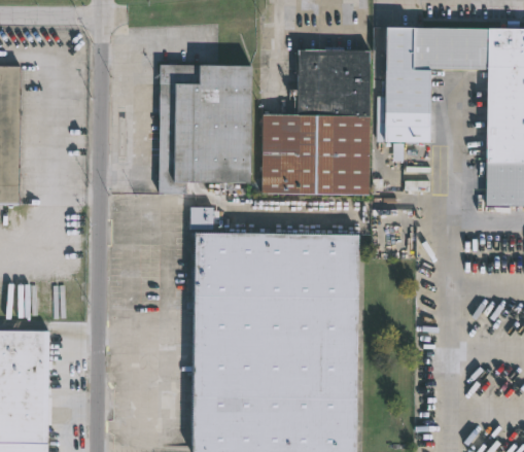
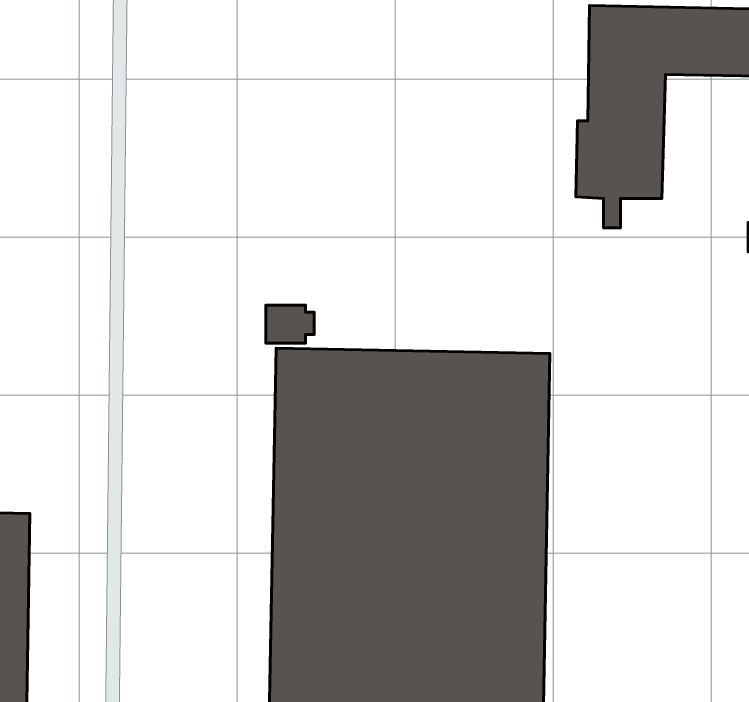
building: [263,49,372,196] -> none
building: [160,65,251,194] -> none

